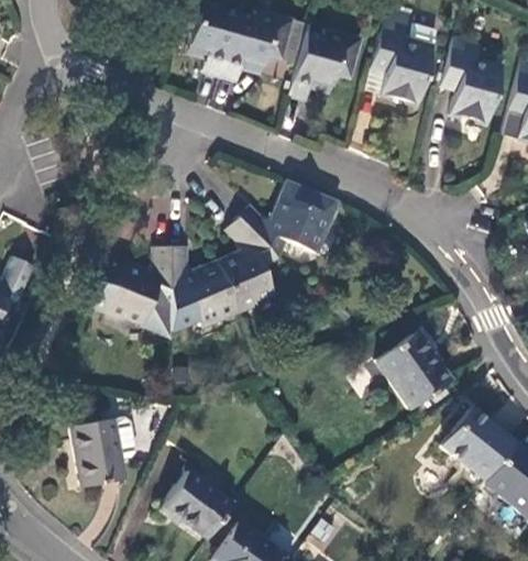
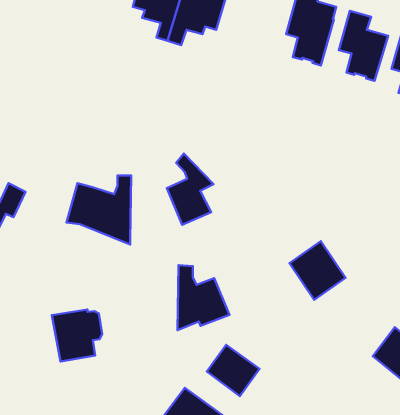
building: [288,29,362,99] -> none
building: [240,182,338,259] -> none
building: [170,248,238,331] -> [178,265,230,330]
building: [440,410,513,484] -> none
building: [165,472,233,538] -> [207,345,259,396]

